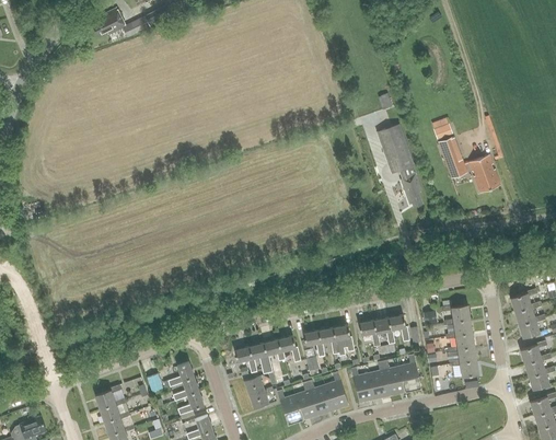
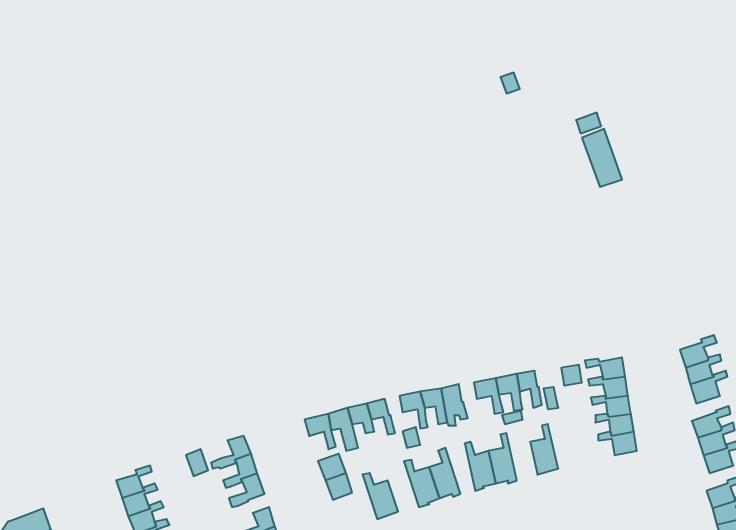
building: [377,125,422,207] -> none
building: [468,154,500,193] -> none
building: [382,359,405,395] -> none
building: [294,381,317,418] -> none

